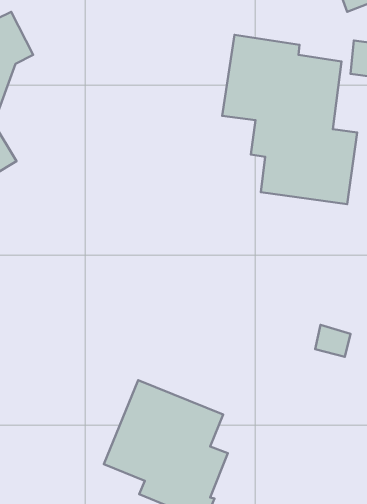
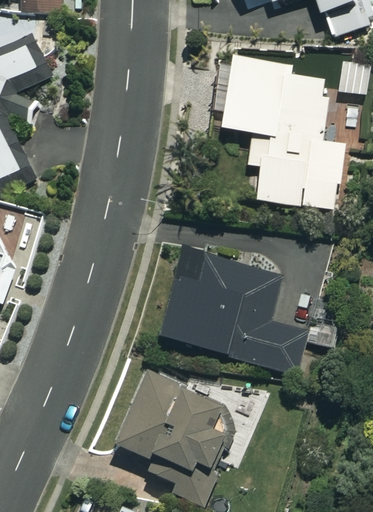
building: none -> [161,249,305,372]

